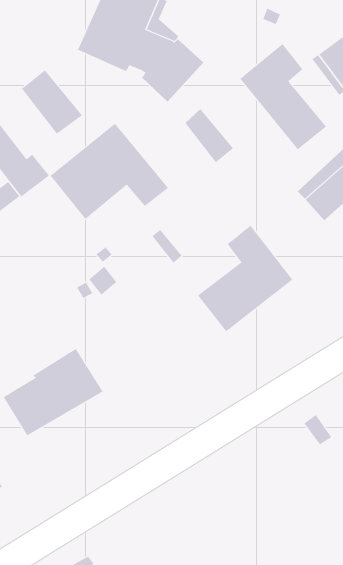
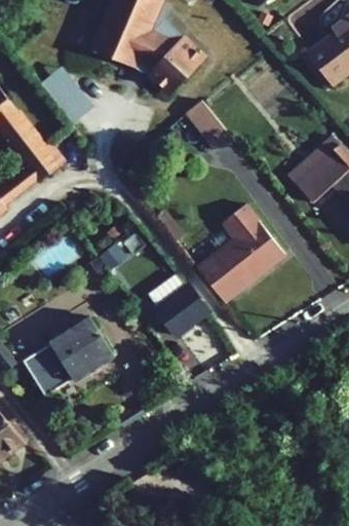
building: [240,43,327,150] -> none
building: [50,123,169,220] -> none
building: none -> [155,285,207,336]

